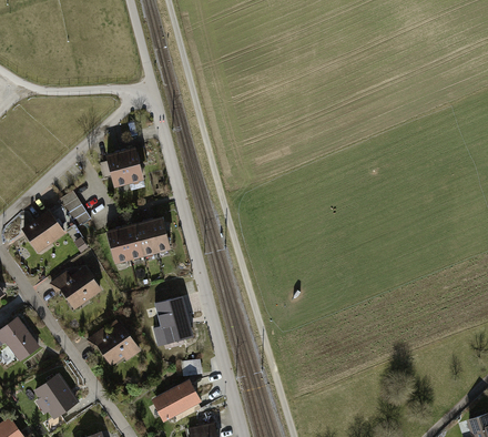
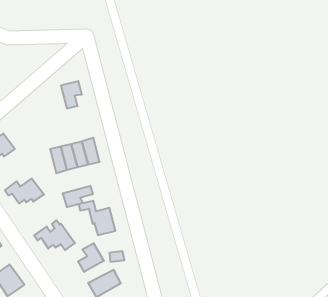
building: [98,152,126,185] -> none
building: [57,190,89,227] -> none
building: none -> [63,186,93,207]
building: none -> [78,243,104,272]

